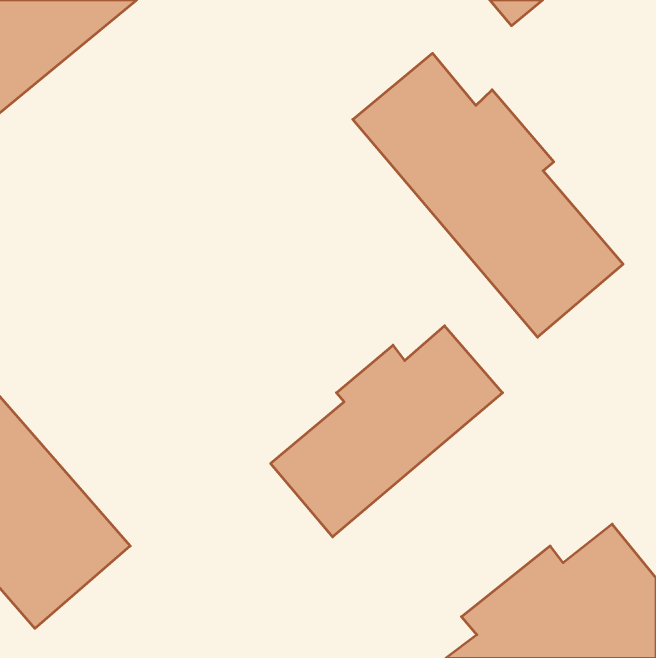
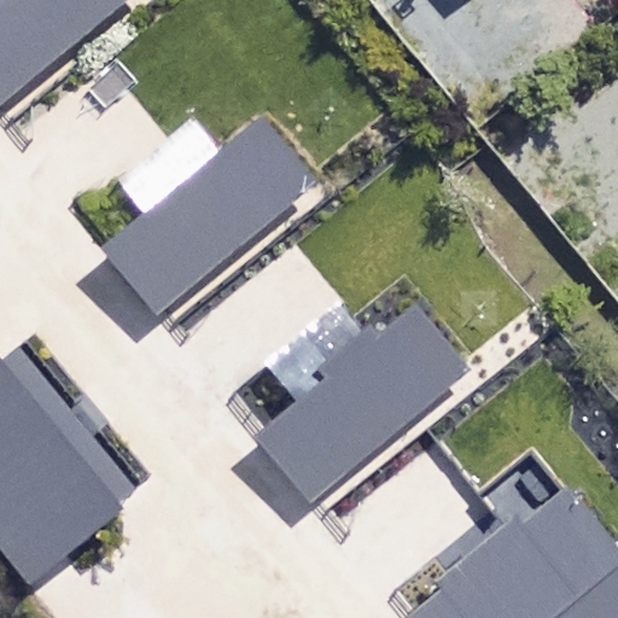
building: [353,53,623,337] -> none
building: none -> [107,115,321,315]

